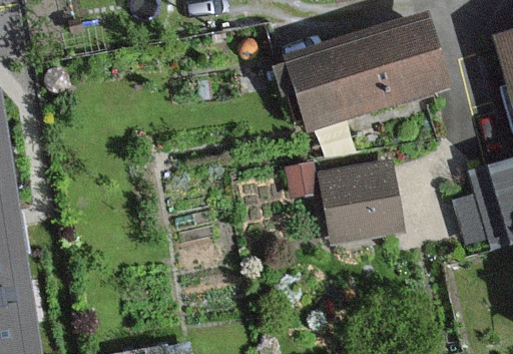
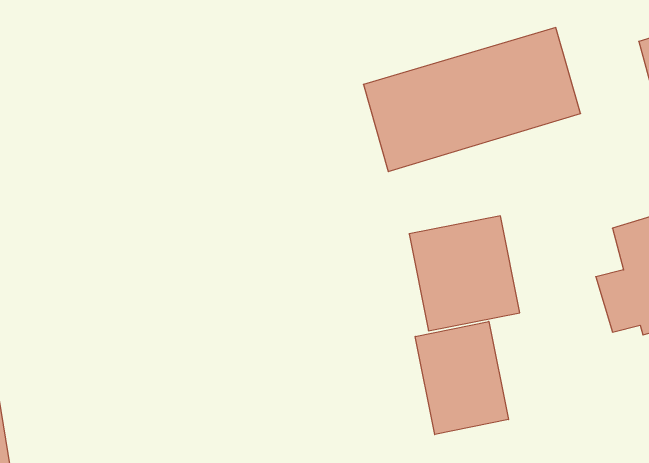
building: none -> [415,321,508,435]

